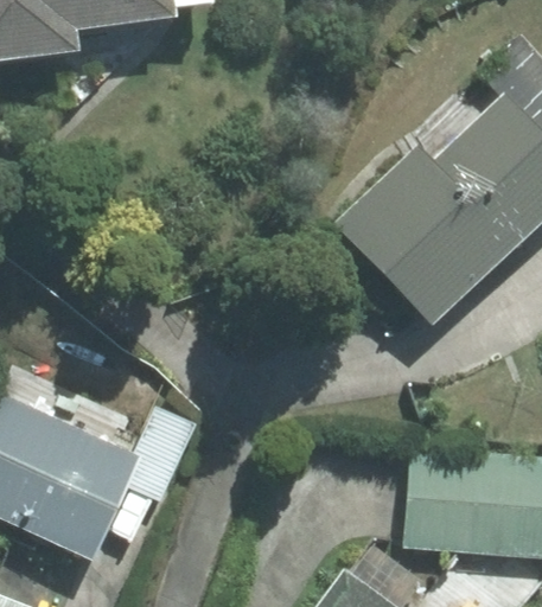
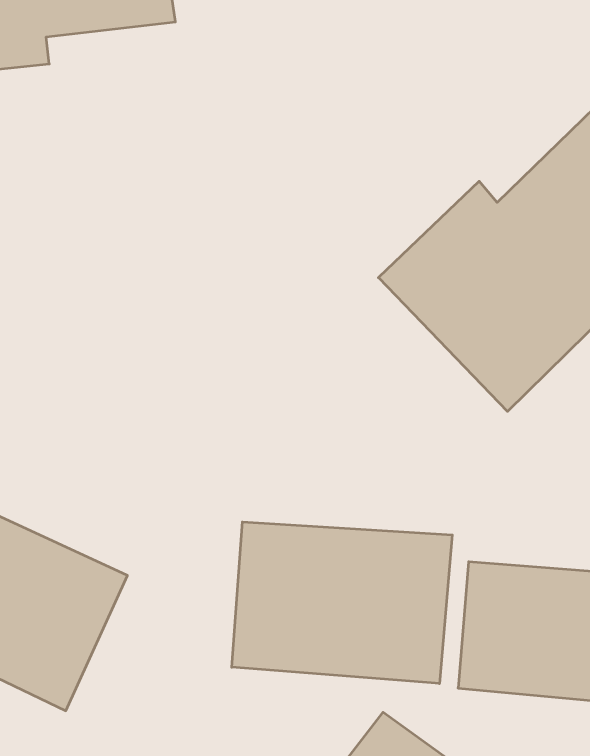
building: none -> [232,522,452,684]

